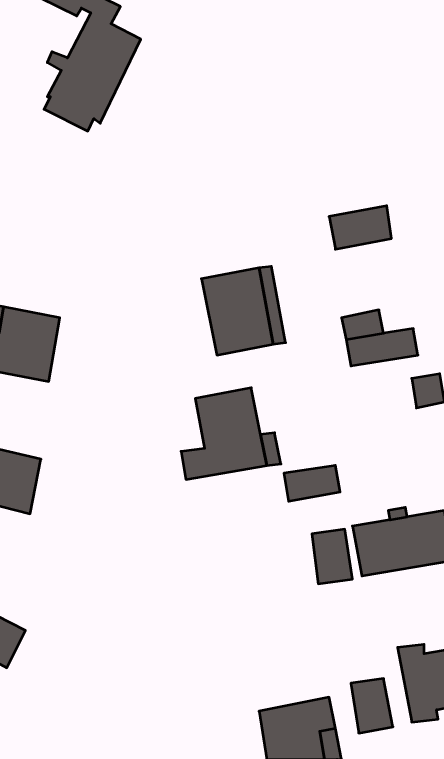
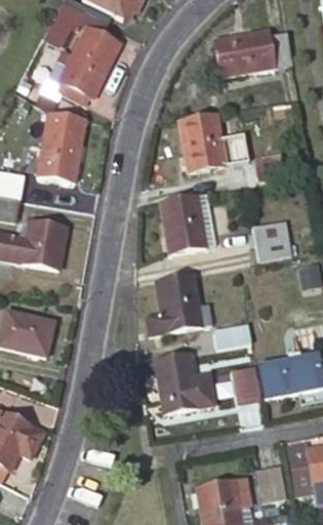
building: none -> [215,31,293,76]
building: none -> [39,113,87,183]
building: none -> [179,113,227,171]
building: none -> [156,353,216,412]

